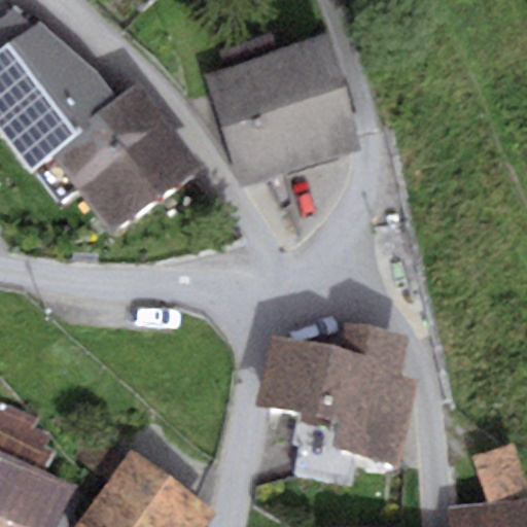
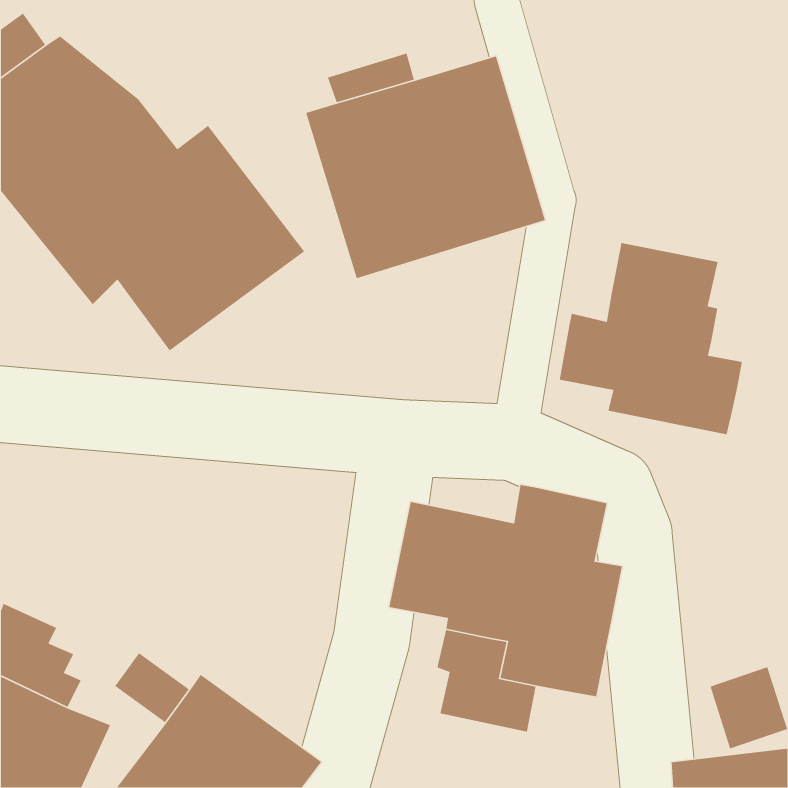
building: none -> [559,242,743,435]

